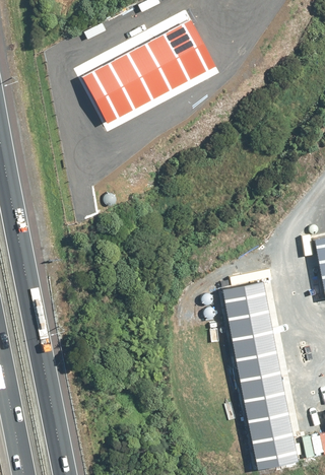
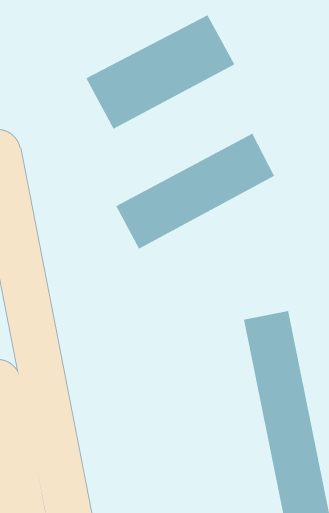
building: none -> [116,133,275,249]

